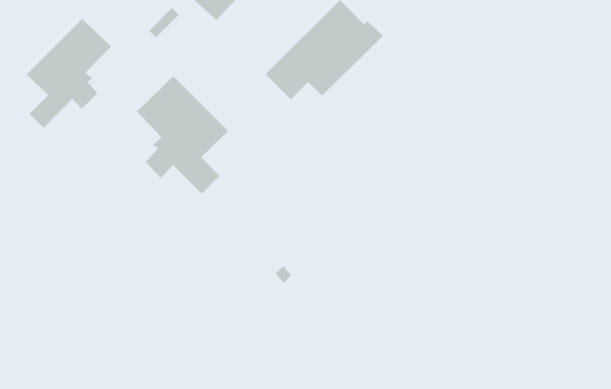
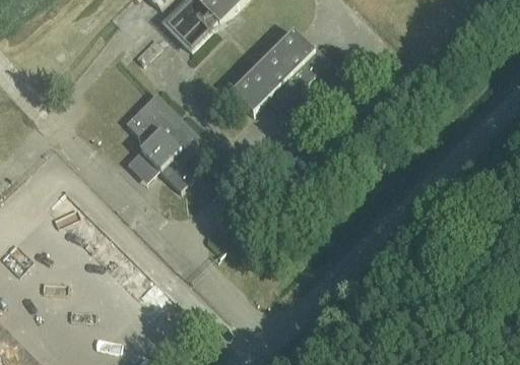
building: [26,18,112,129] -> none

